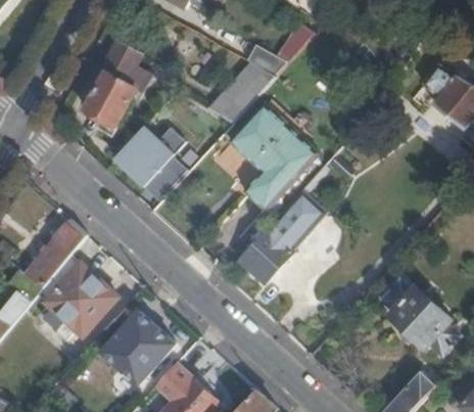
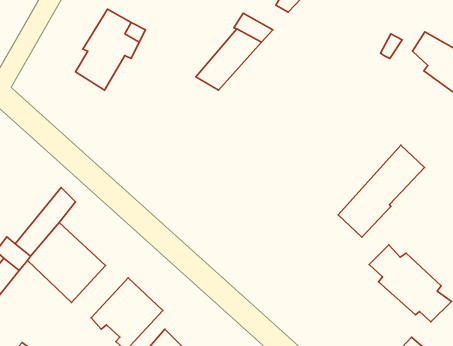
building: [228,103,317,210] -> none
building: [117,122,193,196] -> none
building: [239,192,325,284] -> [338,145,425,237]

